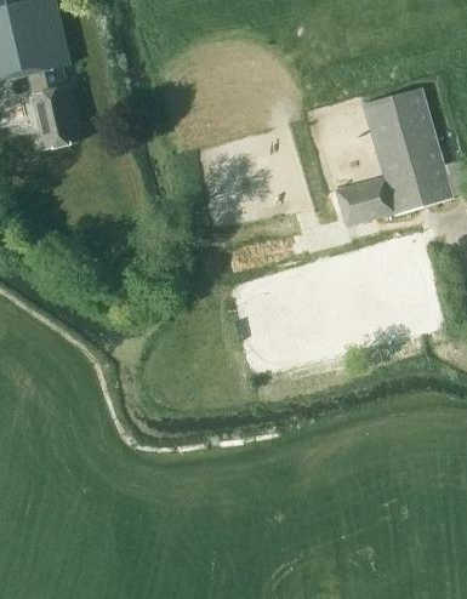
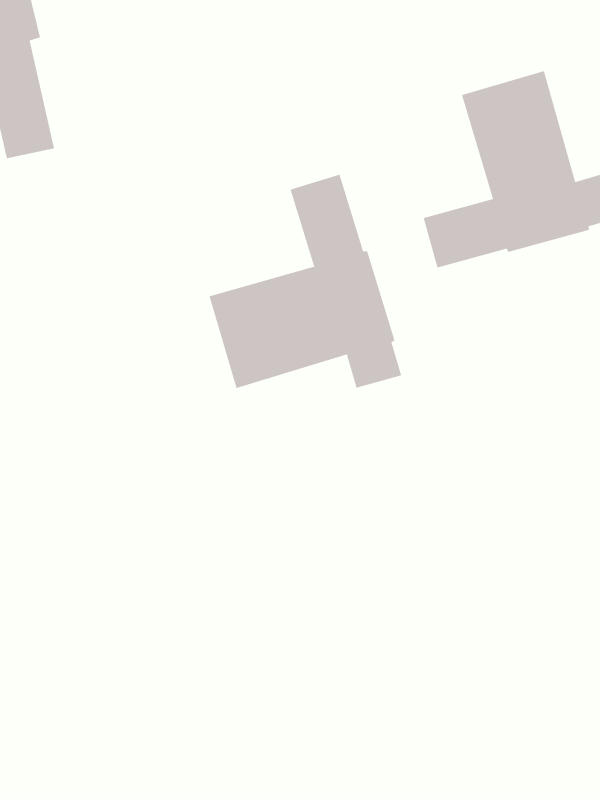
building: none -> [209,174,402,389]

